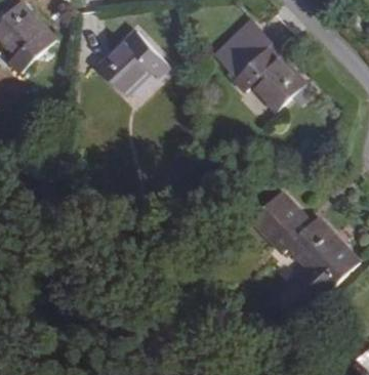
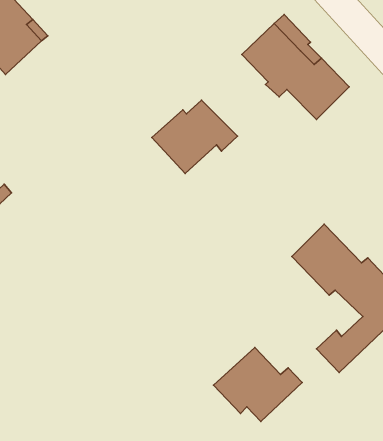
building: [98,34,169,94] -> [152,100,238,174]
building: none -> [214,347,302,422]

